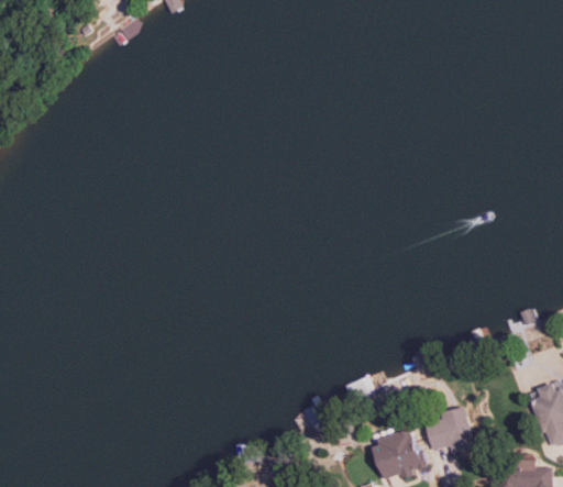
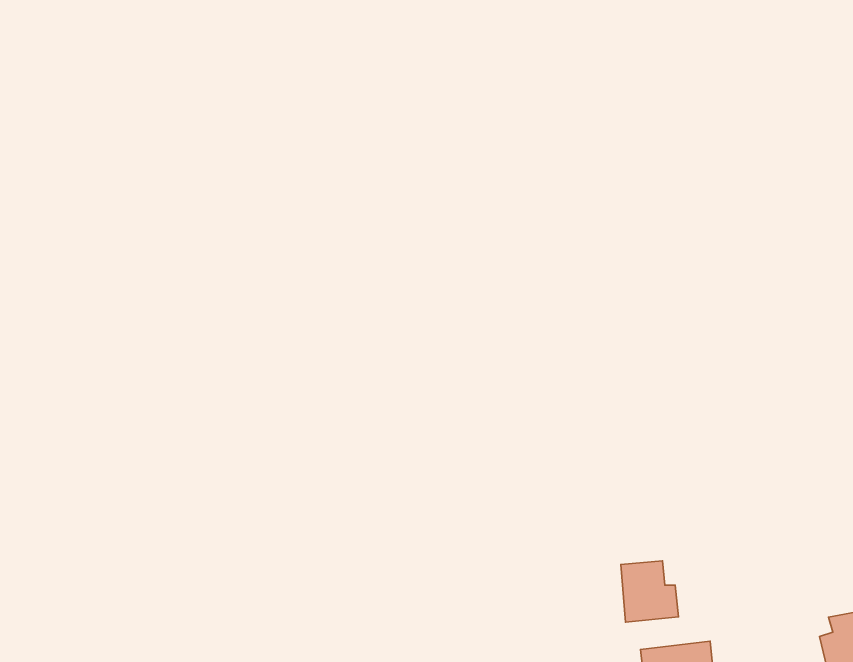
building: none -> [621,561,678,622]

